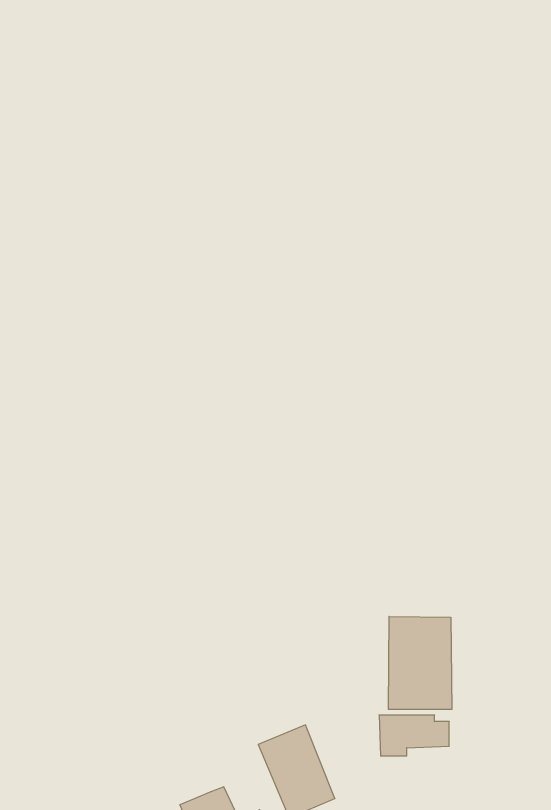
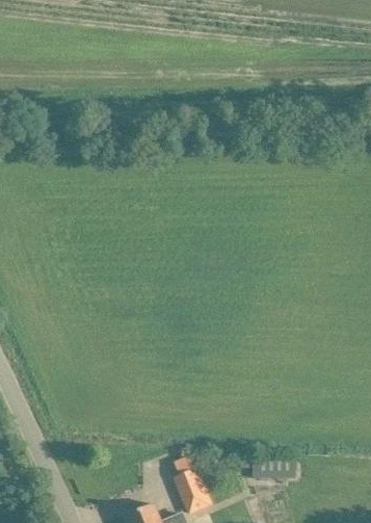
building: [388,616,452,709] -> none

